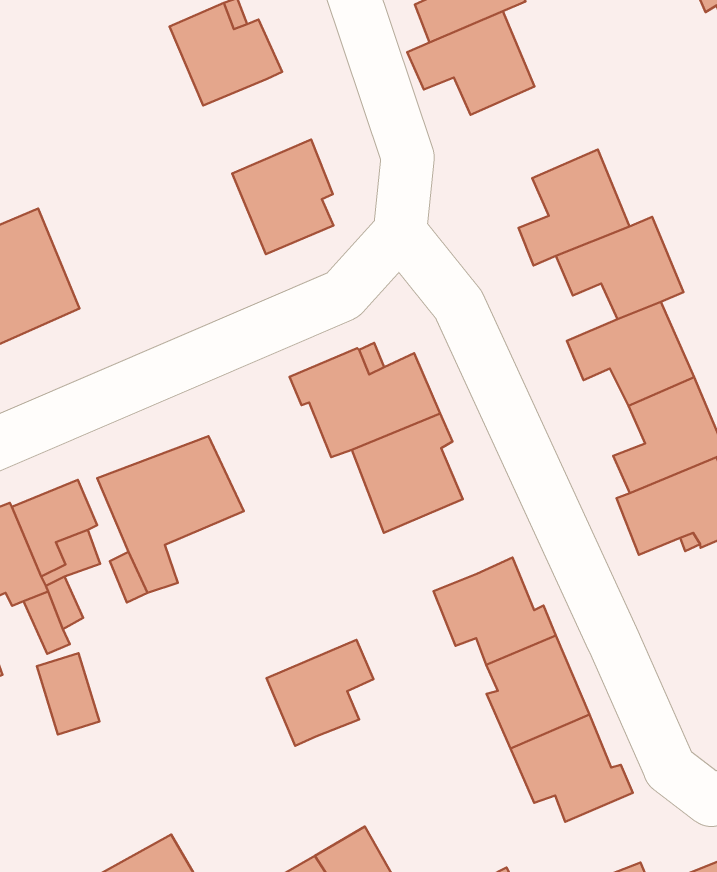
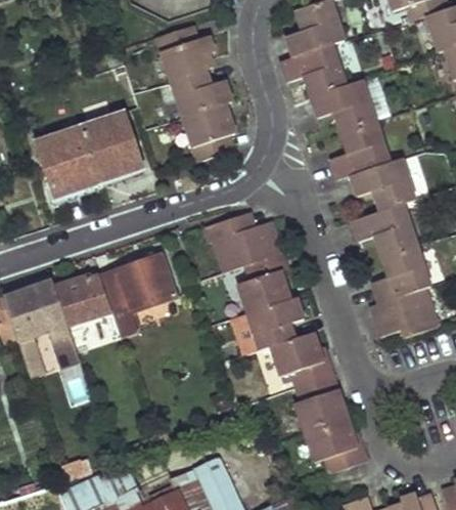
building: none -> [311,80,376,133]
building: none -> [171,70,232,118]
building: none -> [80,113,142,182]
building: [266,640,373,746] -> [247,297,304,350]

